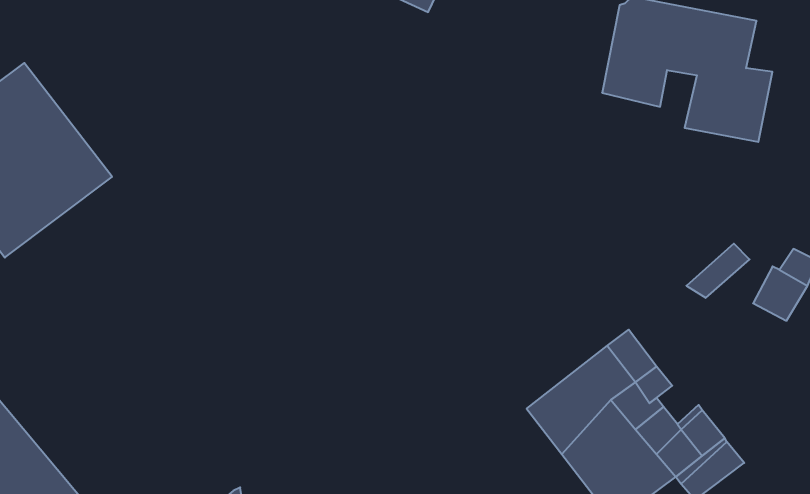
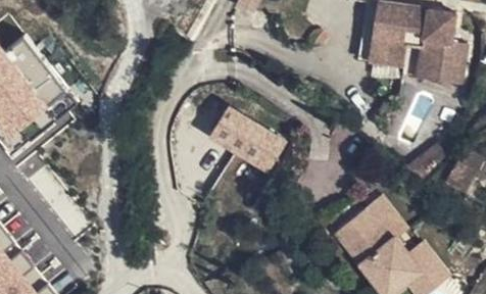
building: none -> [209,107,286,174]

